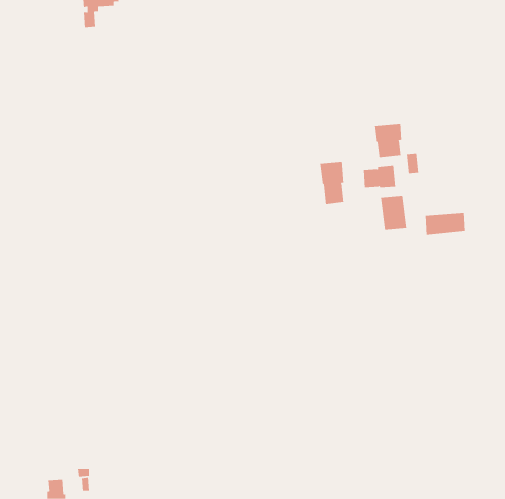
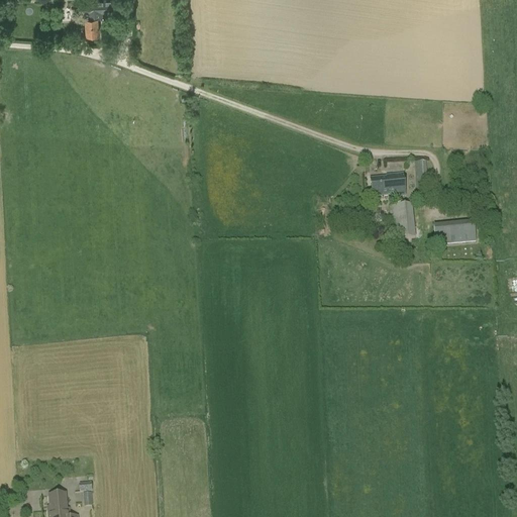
building: [374,123,402,158] -> none
building: [320,161,344,205] -> none

